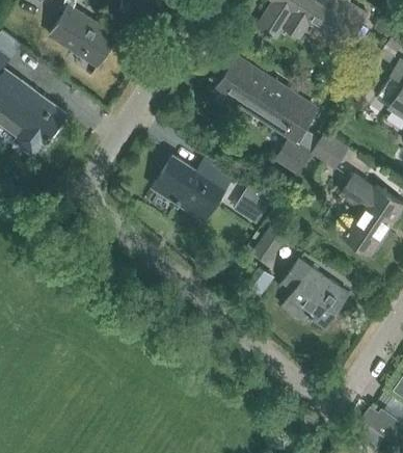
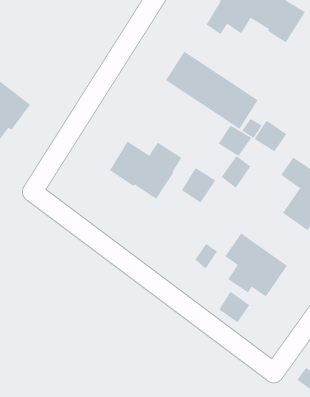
building: [50,8,116,66] -> none
building: [251,226,285,263] -> [221,155,251,188]
building: none -> [218,291,250,323]

